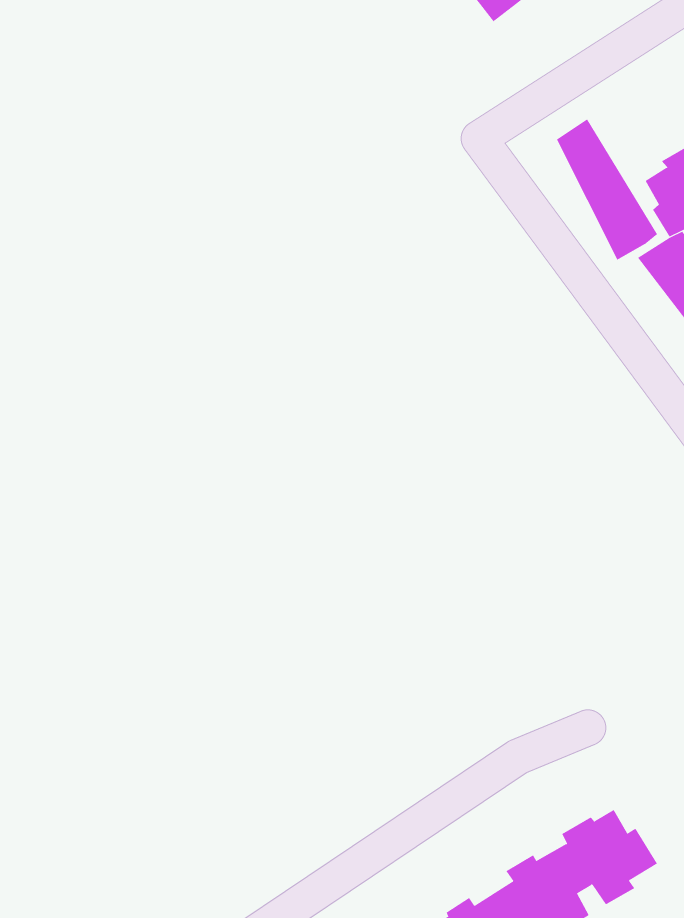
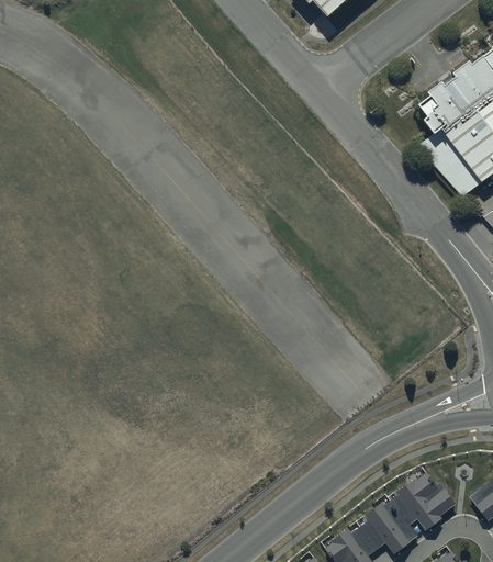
building: [556,119,658,260] -> none

